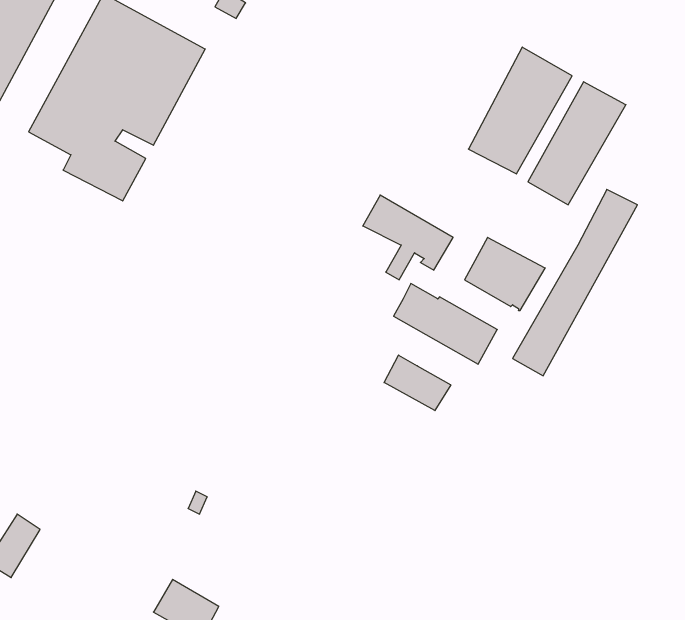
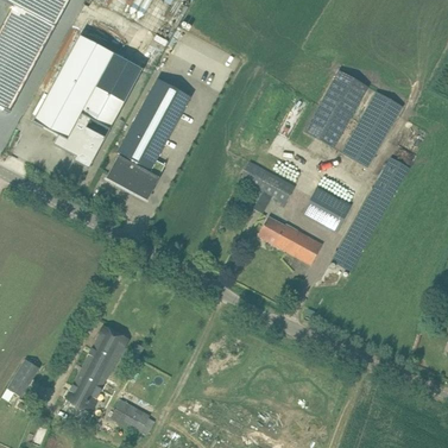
building: none -> [109,77,190,195]
building: [384,355,451,411] -> none
building: none -> [68,326,127,408]

